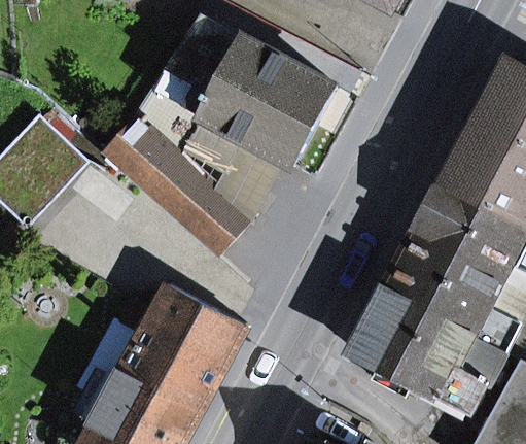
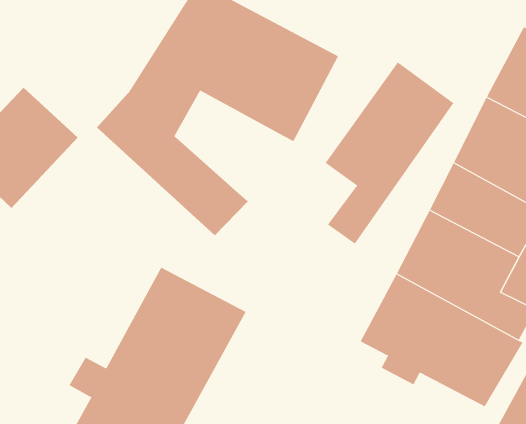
building: none -> [325,61,454,244]
building: [182,117,287,218] -> none

